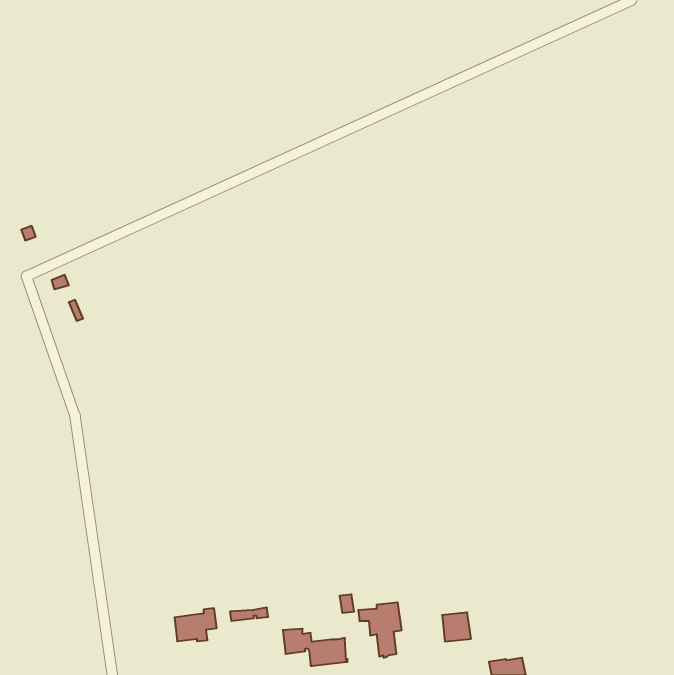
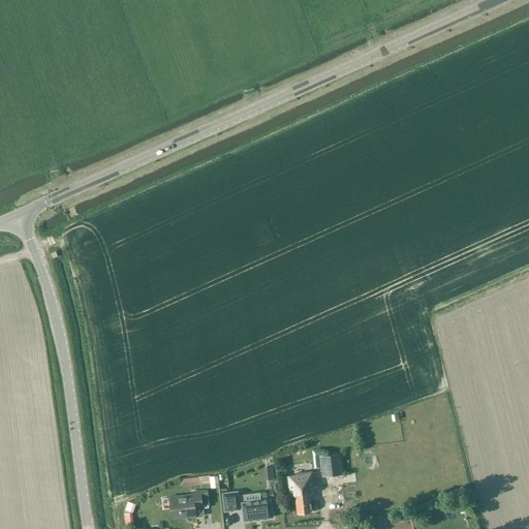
building: [174,608,217,641] -> [168,491,201,517]
building: [442,612,471,641] -> [319,454,342,476]

